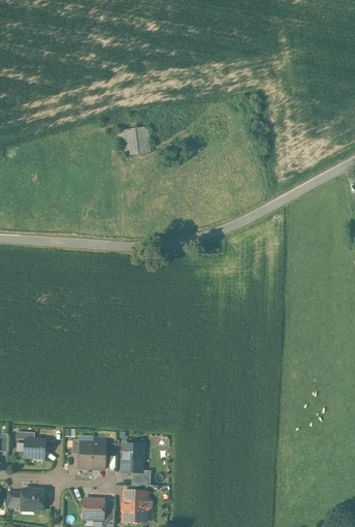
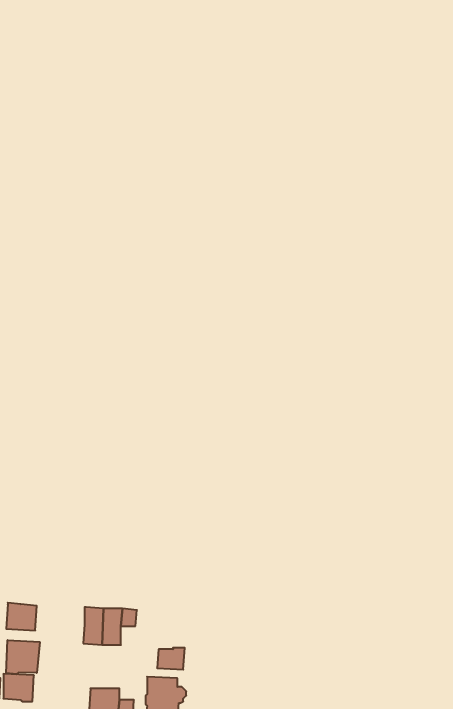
building: [123,127,151,154] -> none
building: [123,443,142,470] -> none
building: none -> [6,640,40,674]

